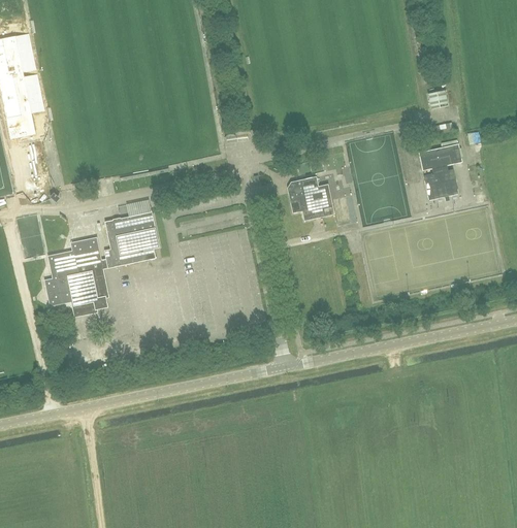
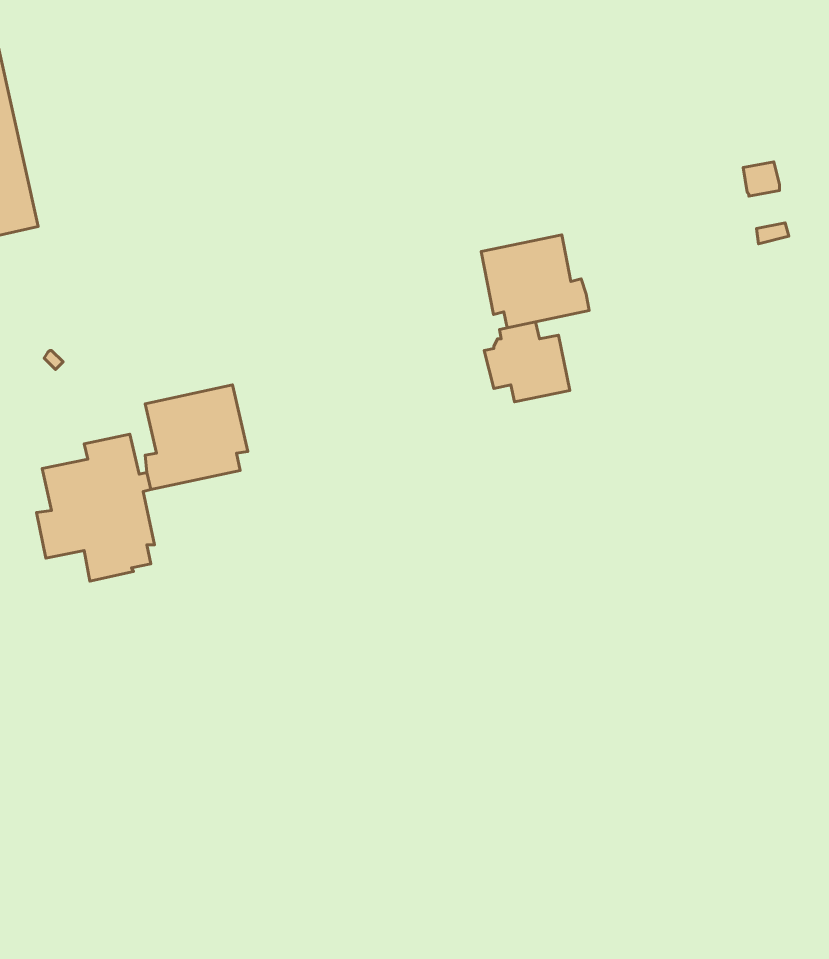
building: none -> [481,235,589,328]
building: [418,140,461,199] -> none

